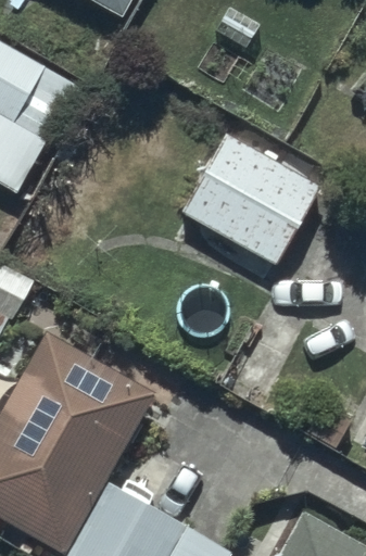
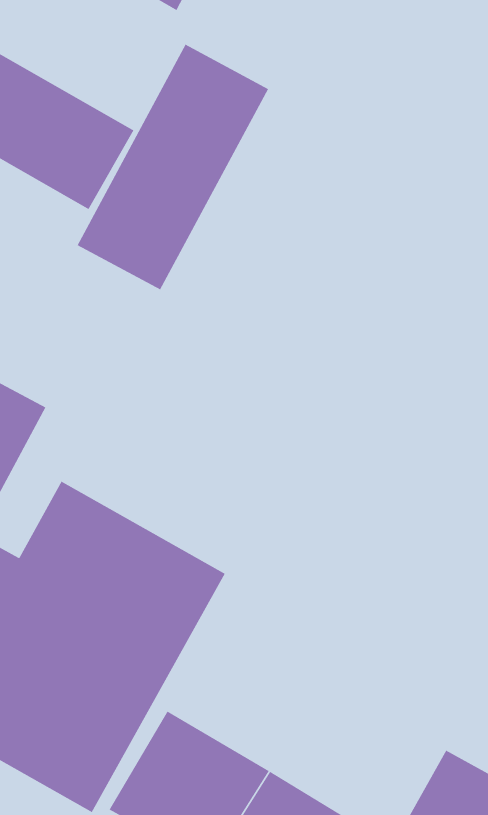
building: none -> [76,44,269,291]
building: [177,132,321,270] -> none

